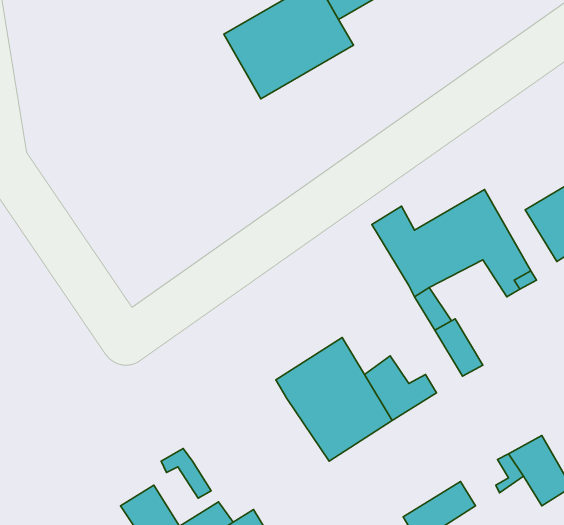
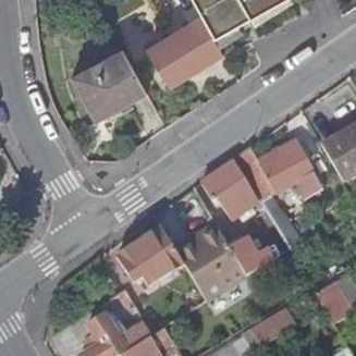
building: none -> [76,48,146,118]
building: none -> [199,160,256,214]
building: none -> [120,226,184,284]

